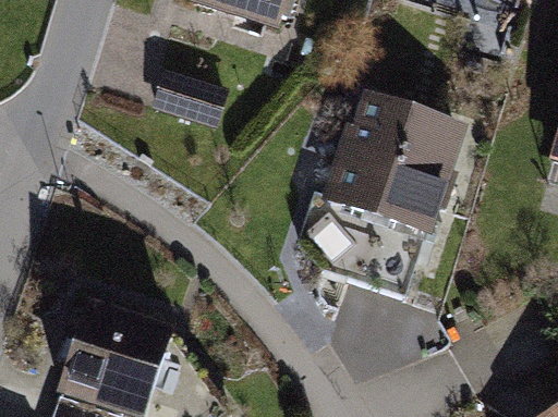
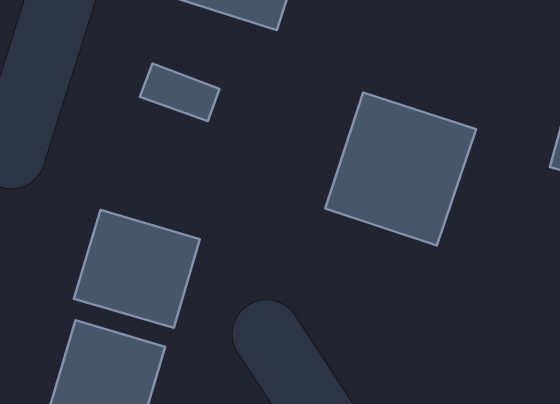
building: none -> [74,210,200,328]

